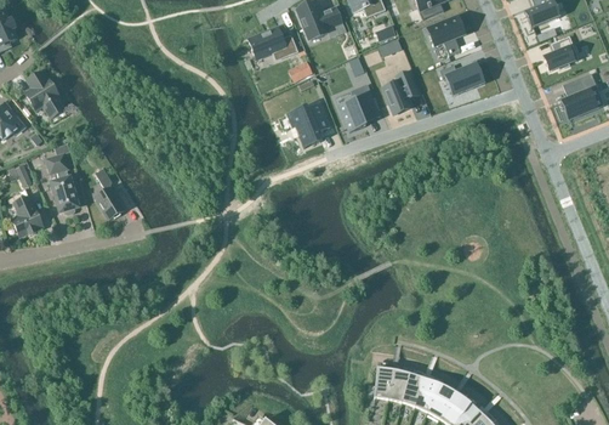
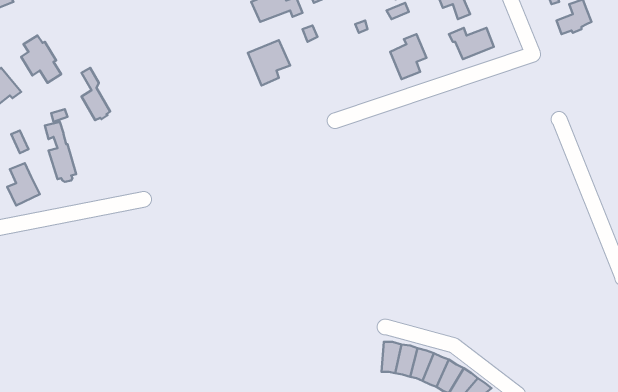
building: [563,73,597,119] -> none
building: [340,84,380,131] -> none
building: [291,102,332,146] -> [248,40,290,85]
building: [96,168,124,219] -> [81,68,110,120]

